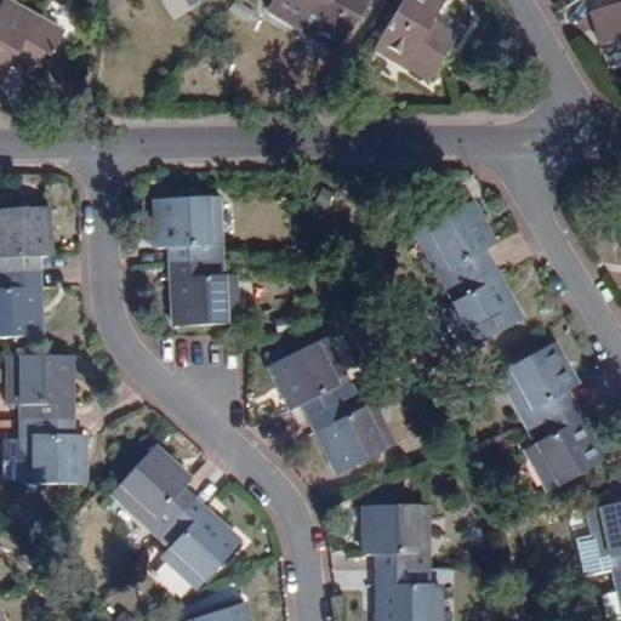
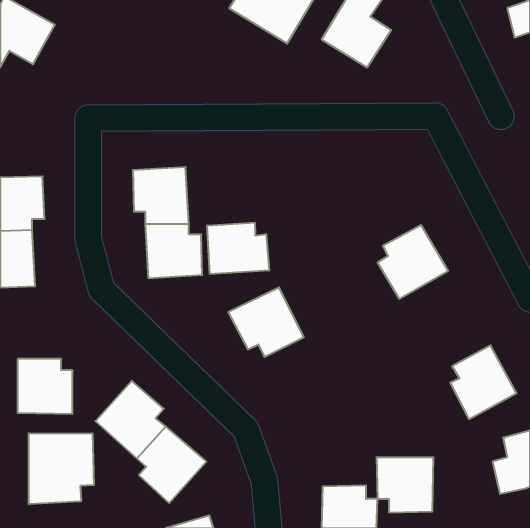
building: [415,200,496,287] -> none
building: none -> [207,223,269,274]
building: [498,341,579,428] -> none
building: [8,354,73,420] -> none
building: [309,394,395,473] -> none
building: [363,505,429,569] -> [376,457,434,512]
building: none -> [29,433,94,504]

